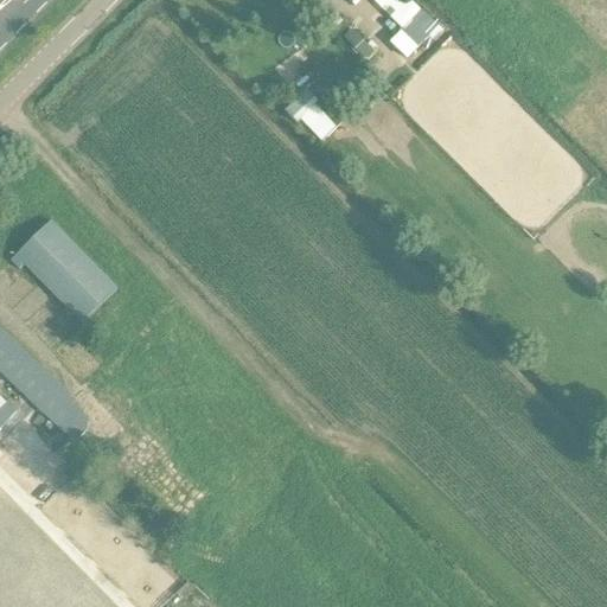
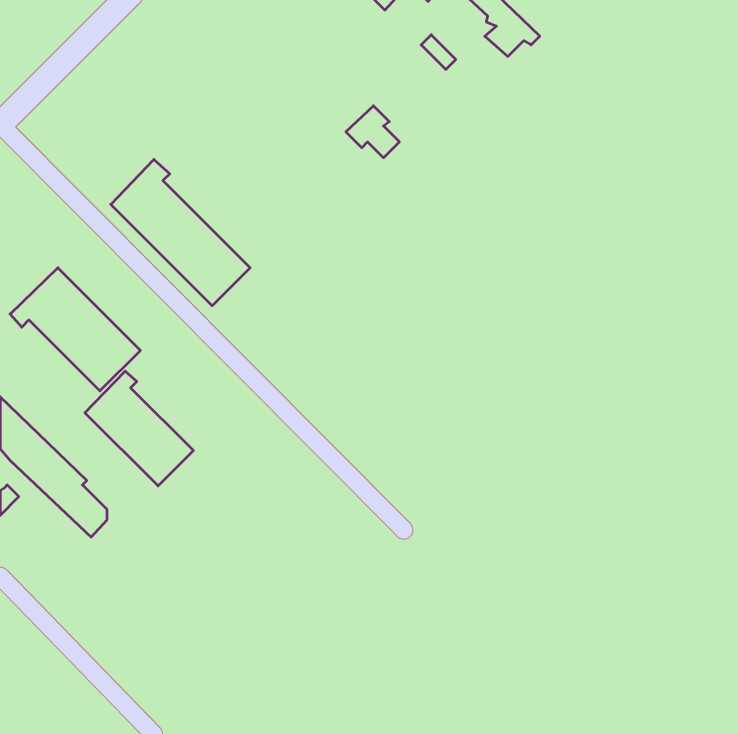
building: none -> [111,159,250,306]
building: none -> [85,371,193,486]

